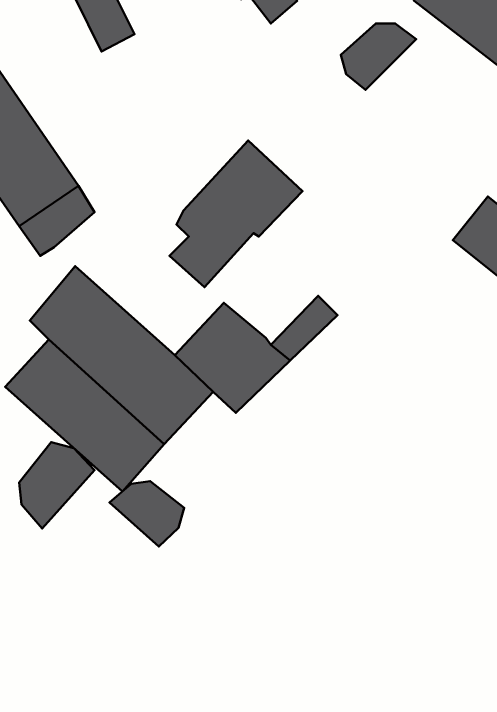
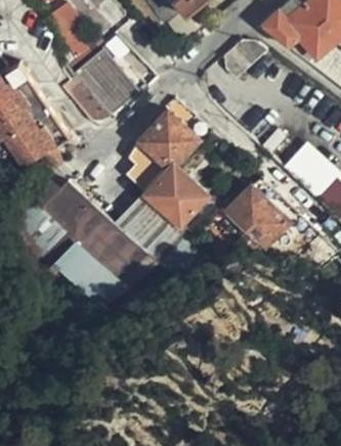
building: none -> [72,49,136,116]
building: none -> [143,165,205,224]
building: none -> [221,176,296,246]
building: [19,442,94,528] -> none
building: [110,481,184,546] -> none

